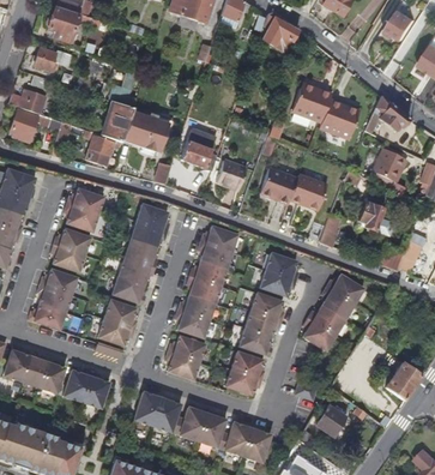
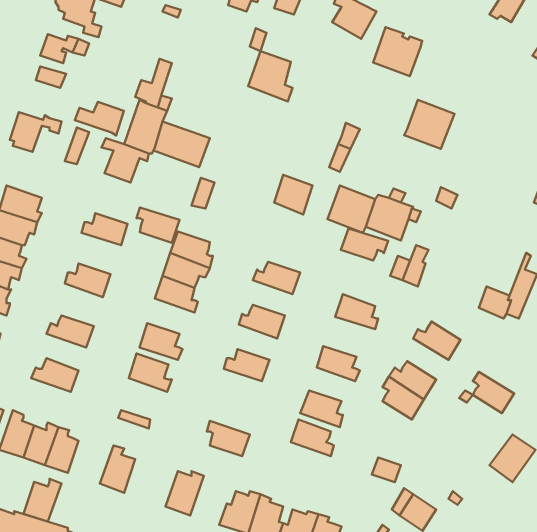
building: [294,84,332,122] -> [373,27,422,76]
building: [10,88,48,114] -> [75,102,124,135]
building: [365,95,409,132] -> none
building: [181,131,216,170] -> [248,51,292,102]
building: [374,148,406,188] -> none
building: [360,198,392,235] -> none
building: [65,204,98,232] -> [137,208,179,243]
building: [199,241,232,269] -> none
building: [50,243,84,271] -> none
building: [119,255,156,283] -> none
building: [260,270,297,295] -> [341,229,388,261]
building: [187,276,220,303] -> none
building: [37,283,71,312] -> none
building: [322,287,355,319] -> [473,372,514,413]
building: [246,309,282,336] -> none
building: [175,311,209,338] -> none
building: [97,318,134,345] -> none
building: [168,336,205,362] -> none
building: [62,367,92,401] -> [23,479,62,522]
building: [225,368,262,395] -> none
building: [152,395,181,433] -> none

